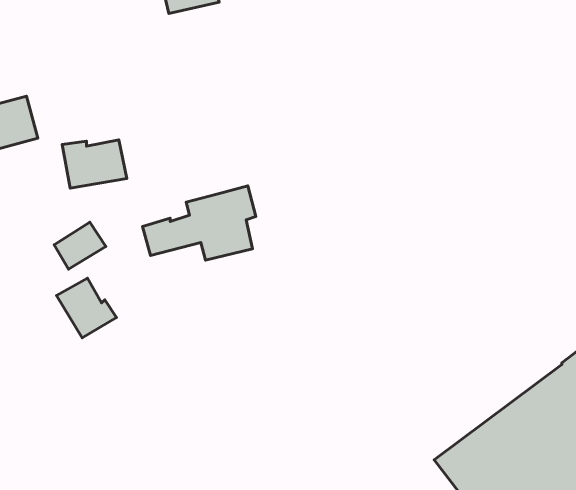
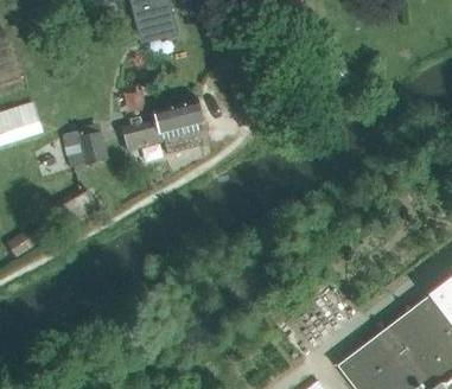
building: [143,186,256,260] -> [121,98,204,153]
building: [56,278,116,338] -> none

